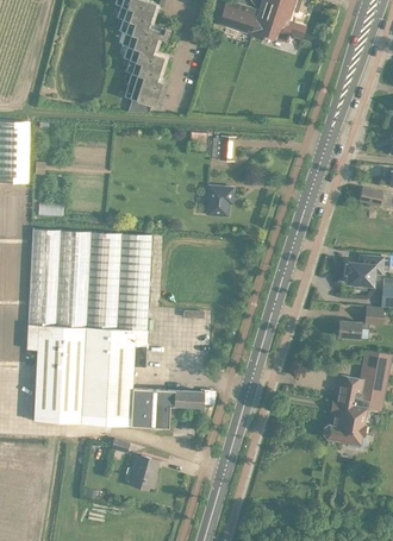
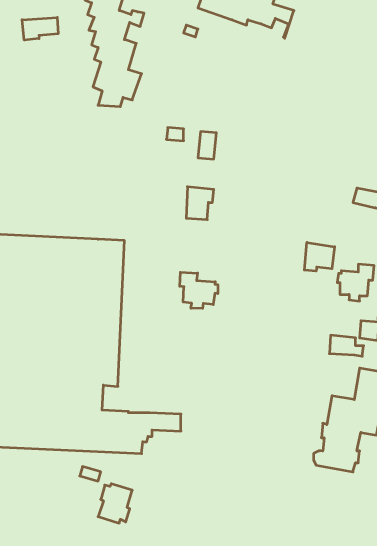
building: none -> [22,17,58,40]
building: none -> [304,242,335,271]
building: none -> [180,272,218,308]

